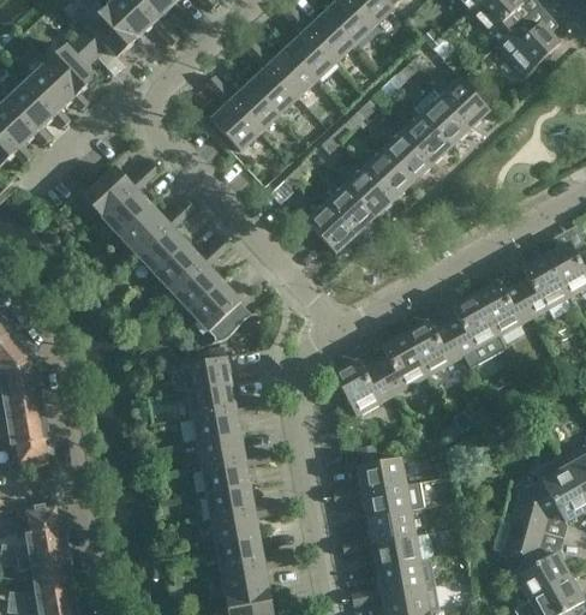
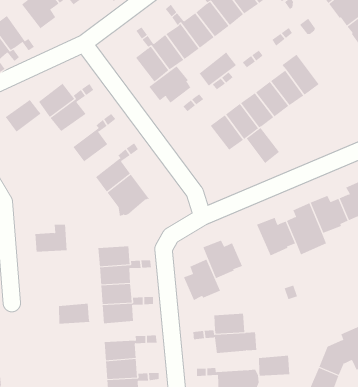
building: [26,64,89,113] -> none
building: [440,78,489,129] -> none
building: none -> [199,51,237,87]
building: none -> [149,65,191,103]
building: [305,203,354,253] -> [246,127,280,164]
building: [119,205,169,253] -> [5,99,42,132]
building: [155,244,204,292] -> none
building: [373,333,427,393] -> [183,259,221,301]
building: [183,346,231,389] -> [34,224,67,252]
building: [207,485,253,519] -> [58,303,90,324]
building: [367,509,414,543] -> [258,355,290,376]

